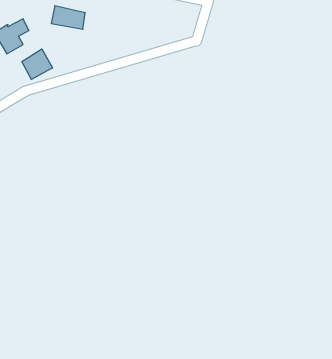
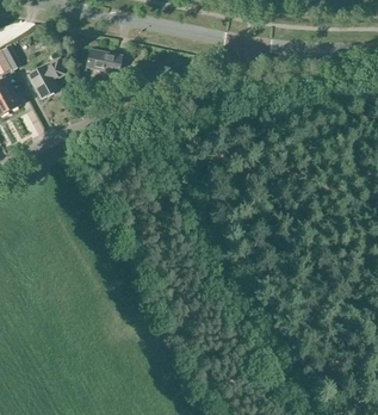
building: [22,49,53,79] -> none

